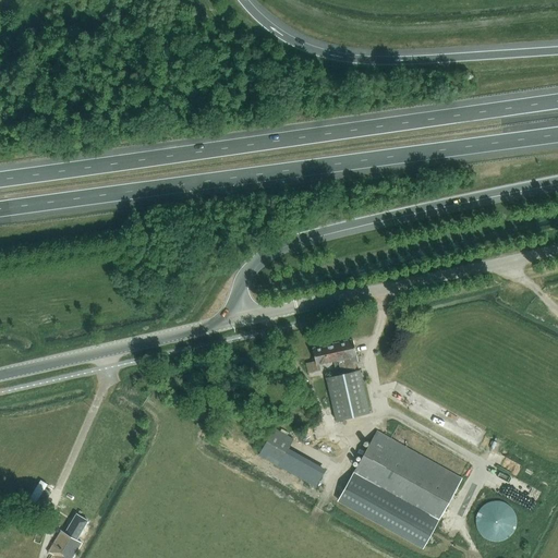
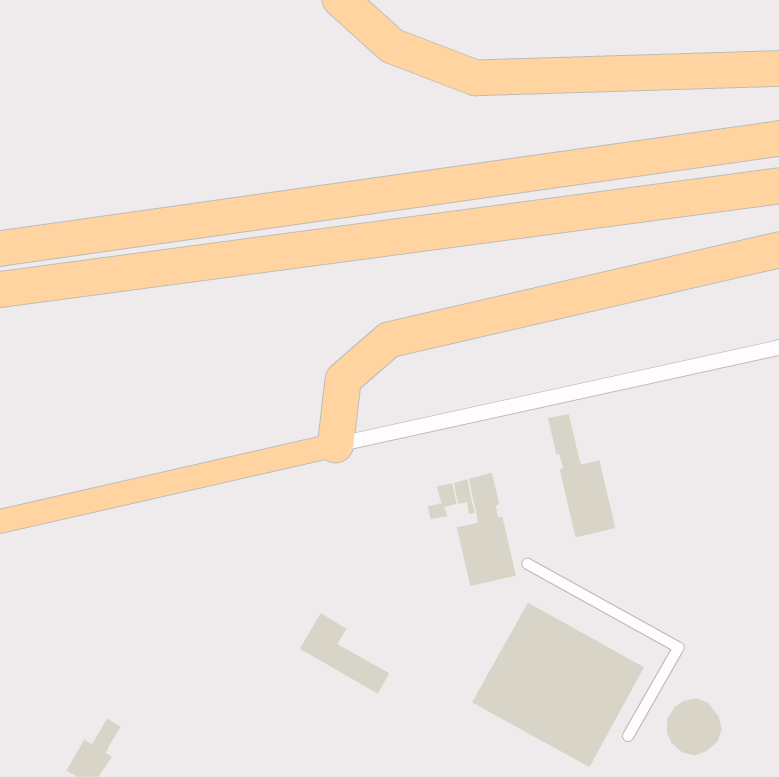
building: none -> [548,413,616,538]
building: [258,427,324,486] -> [299,612,390,694]

